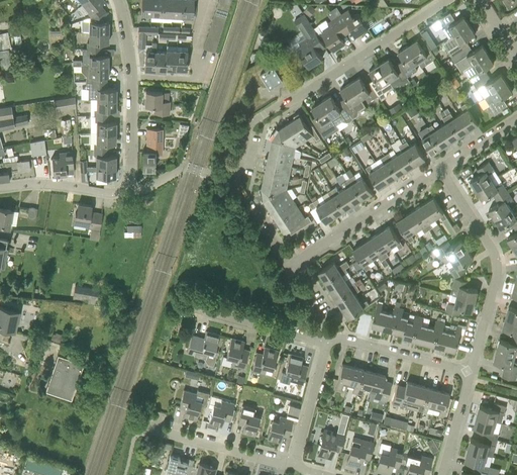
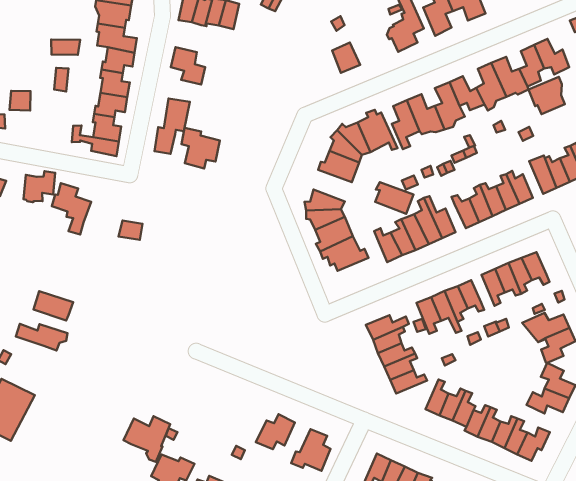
building: none -> [528,77,565,114]
building: none -> [181,128,220,168]
building: [51,153,74,177] -> [23,171,55,202]
building: [263,164,291,184] -> [375,182,414,214]
building: none -> [16,324,68,350]
building: [187,331,219,365] -> [124,416,170,462]
building: [226,339,248,369] -> none

